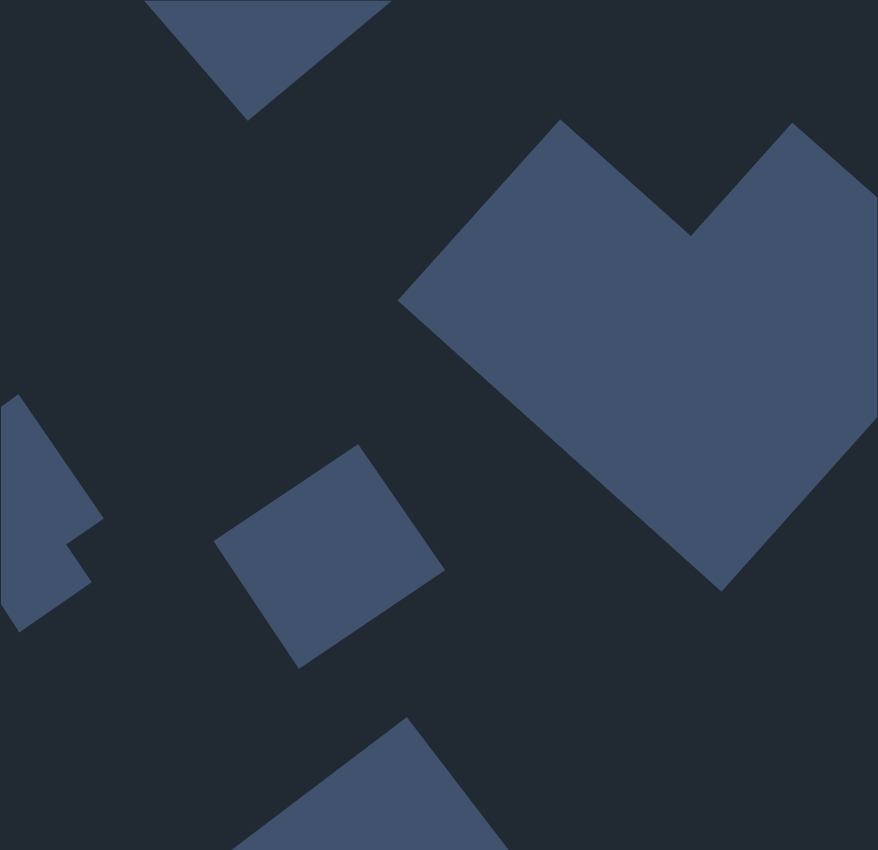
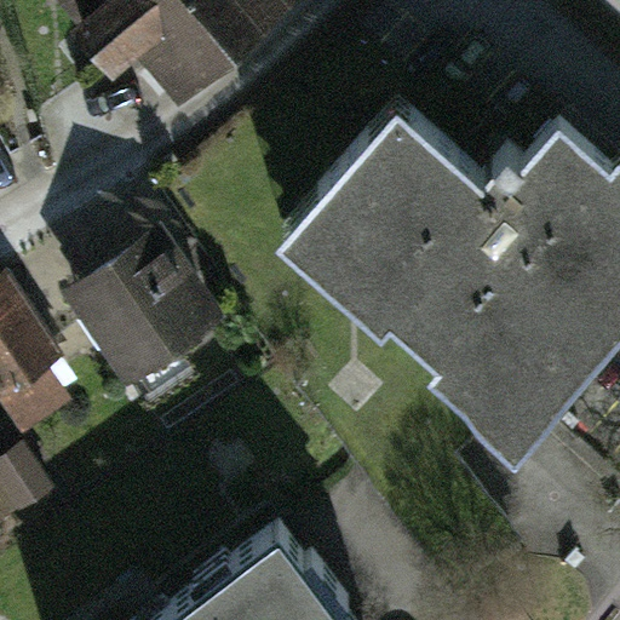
building: [212,443,446,670] -> [54,256,219,415]

